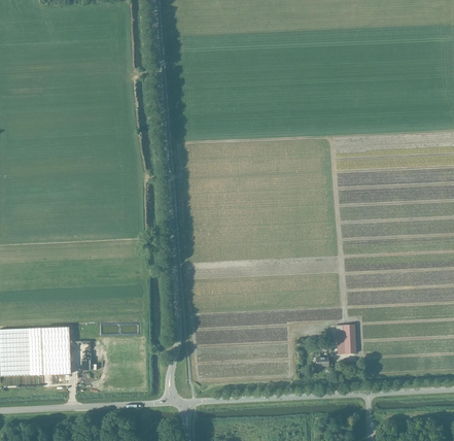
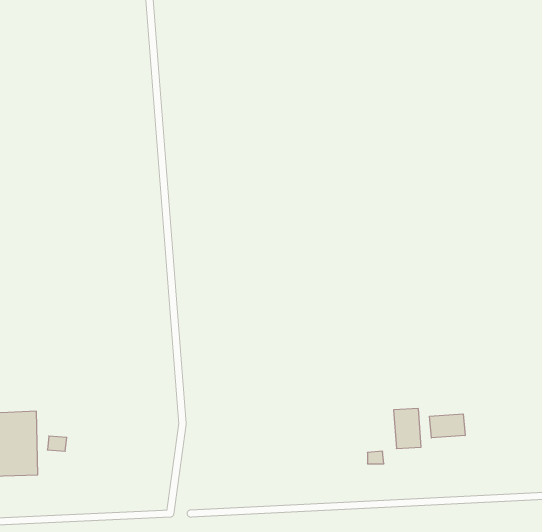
building: none -> [430,414,465,438]

